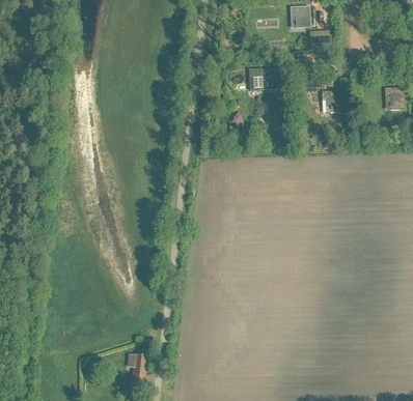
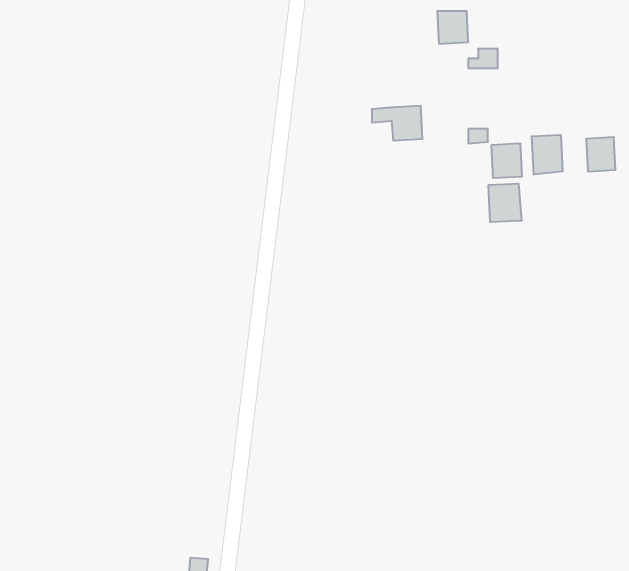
building: none -> [532,135,563,175]
building: none -> [489,184,522,222]

